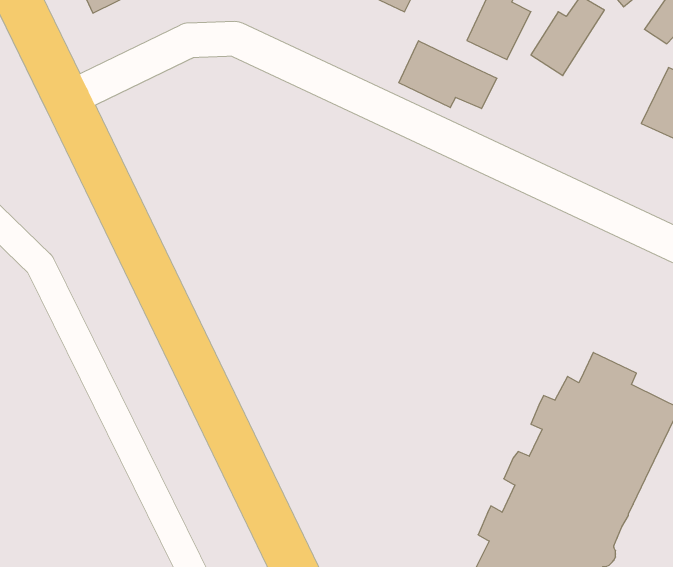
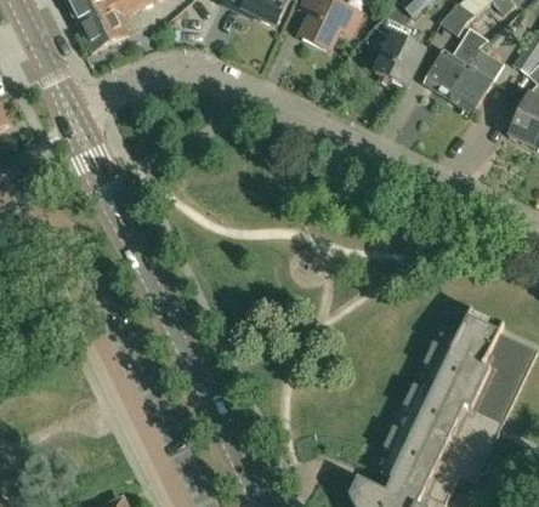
building: none -> [448,49,503,113]
building: [399,41,497,109] -> none

